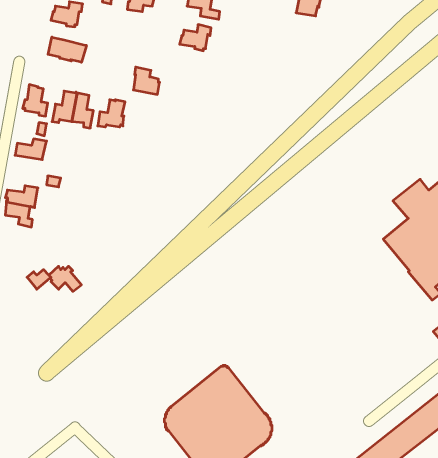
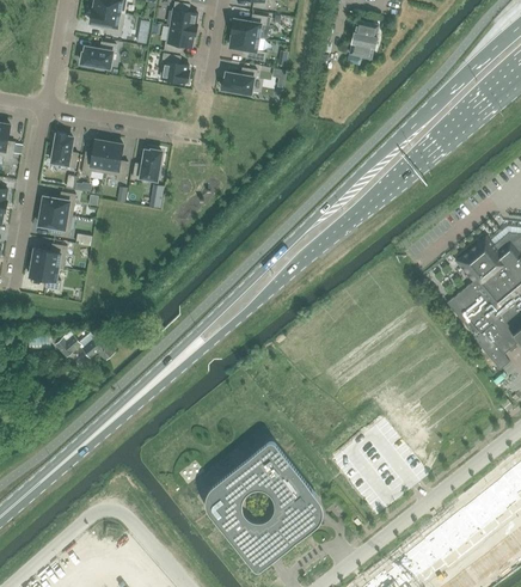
building: [48,37,86,62] -> none
building: [133,67,160,94] -> [161,53,190,82]
building: none -> [39,210,72,237]

